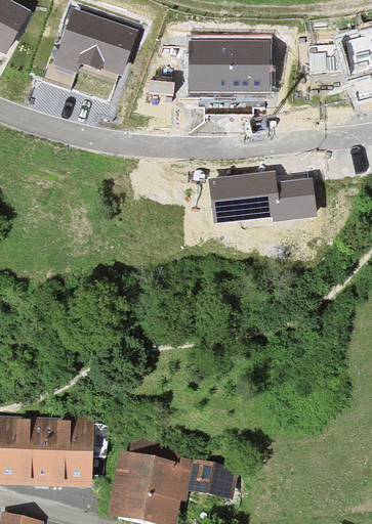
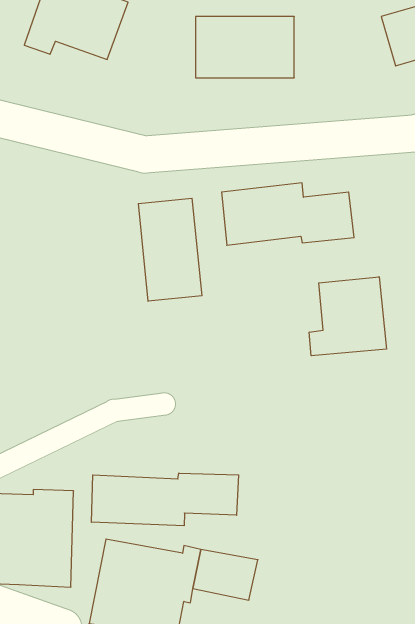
building: none -> [138,198,202,301]
building: none -> [309,277,386,356]
building: none -> [91,473,239,526]

